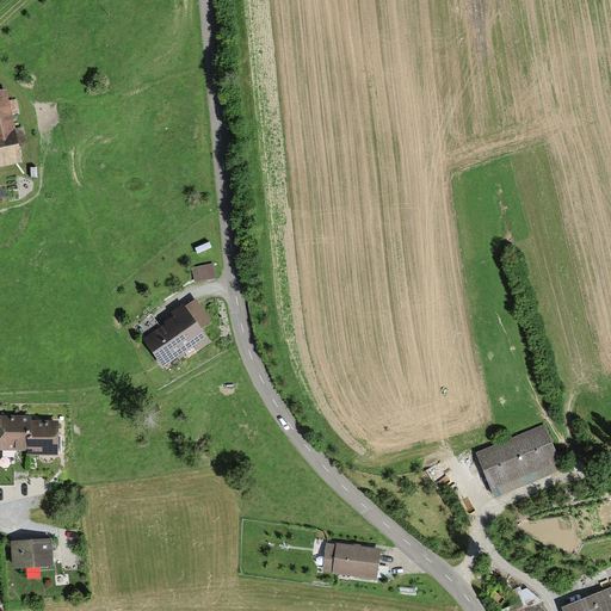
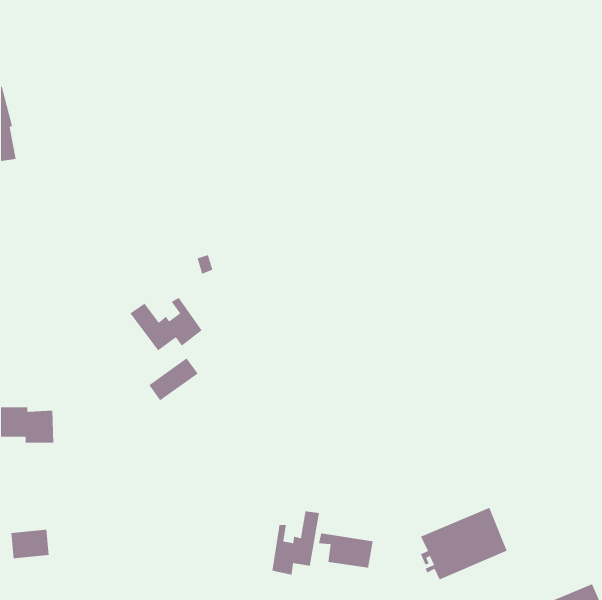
building: none -> [148,358,199,401]
building: [473,421,561,495] -> [420,507,507,580]
building: none -> [272,511,319,575]

